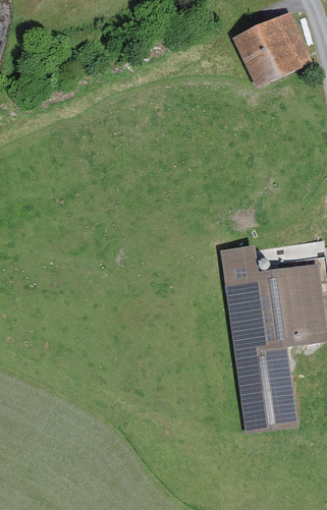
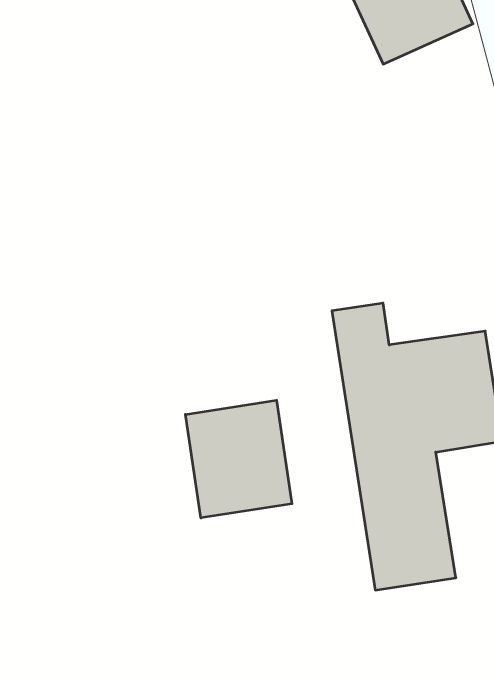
building: none -> [185,400,292,518]

